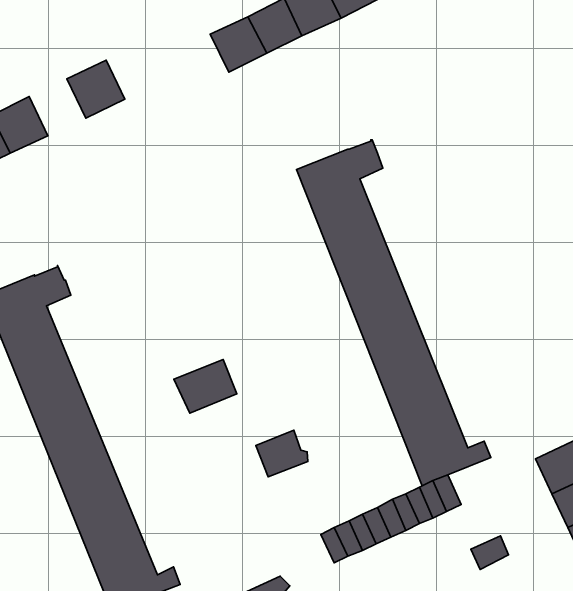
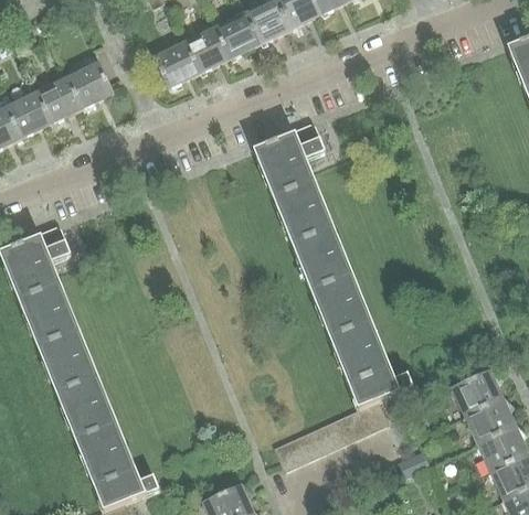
building: none -> [152,40,200,86]
building: none -> [36,76,83,122]
building: [174,360,237,413] -> none
building: [256,430,308,477] -> none

